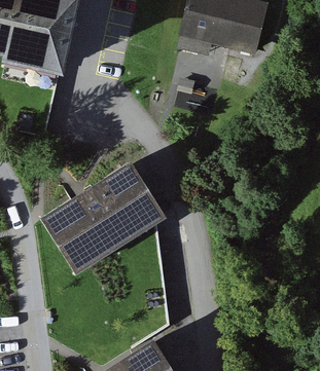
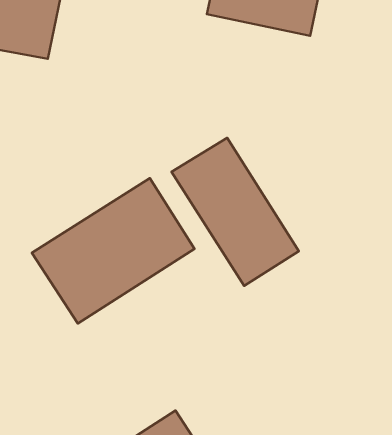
building: none -> [171,138,299,286]

